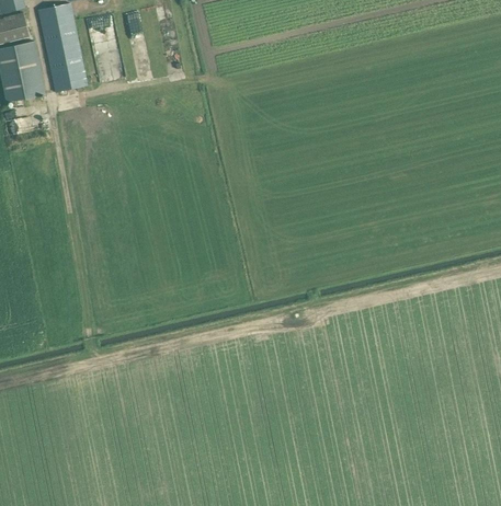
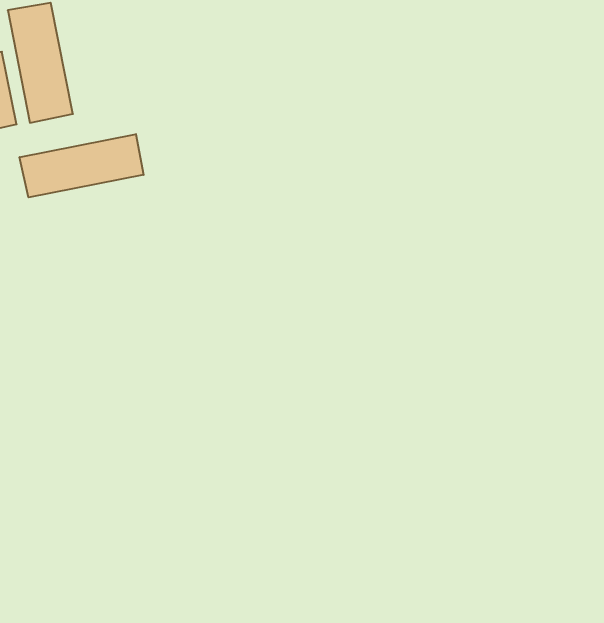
building: none -> [20,134,144,197]

